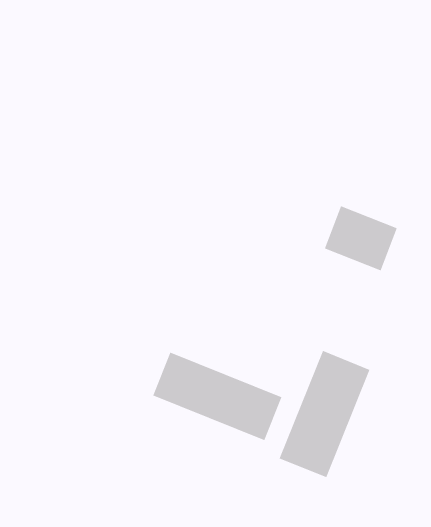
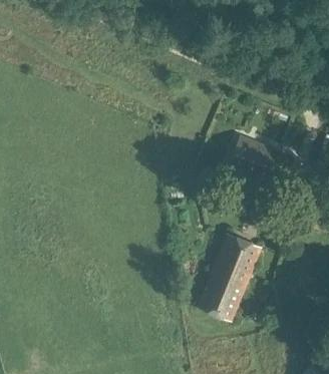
building: [152,351,282,441] -> none

